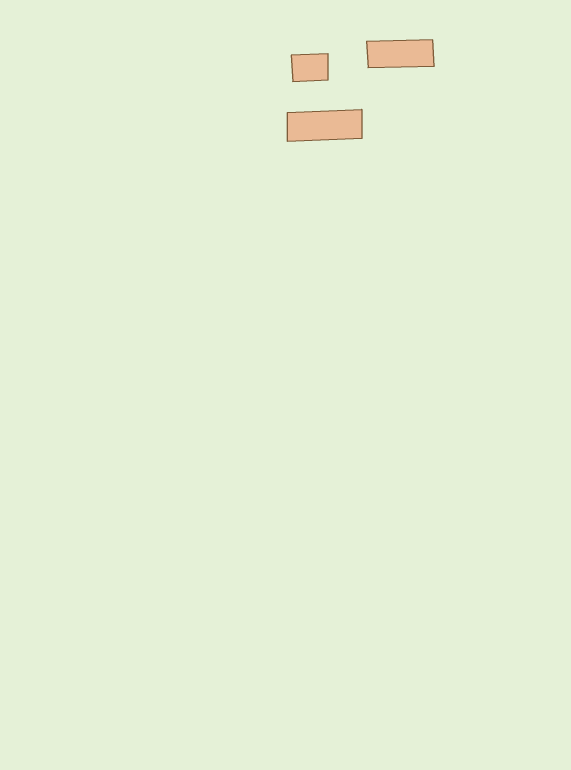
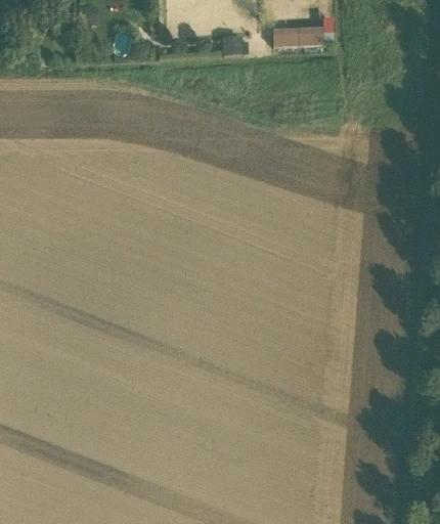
building: [287,109,362,141] -> none

